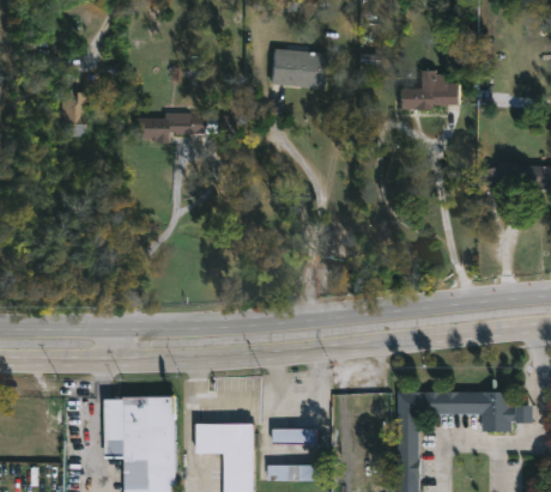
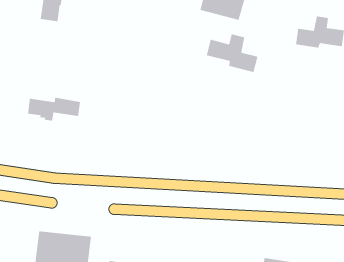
building: none -> [206,33,258,73]
building: [132,114,199,145] -> [27,97,81,121]

